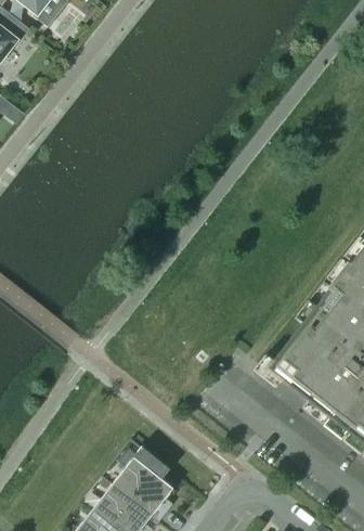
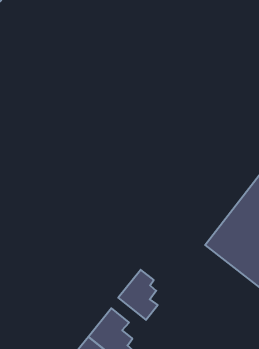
building: none -> [118,270,158,320]

